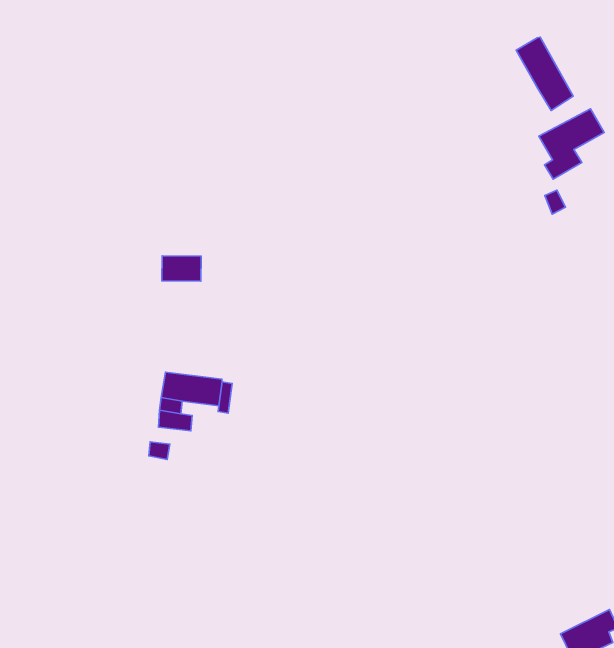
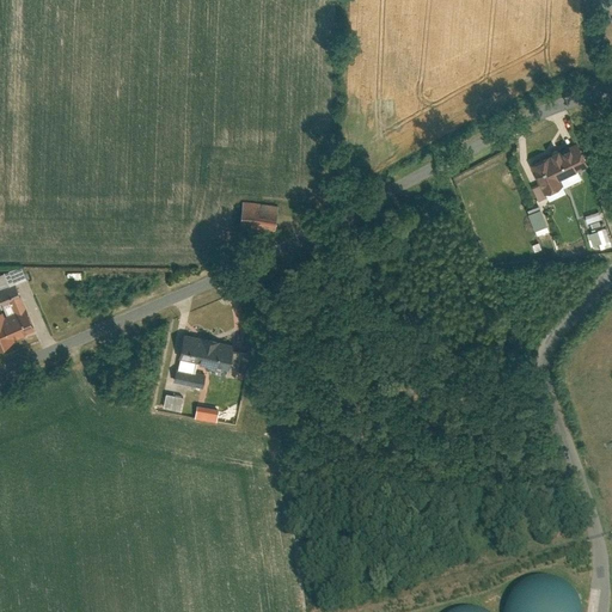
building: [516,37,573,110] -> none
building: [162,256,201,281] -> [245,207,281,232]

